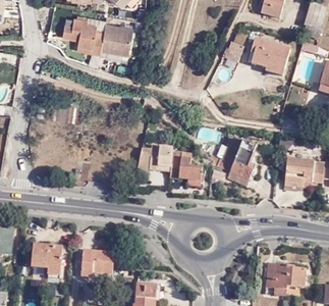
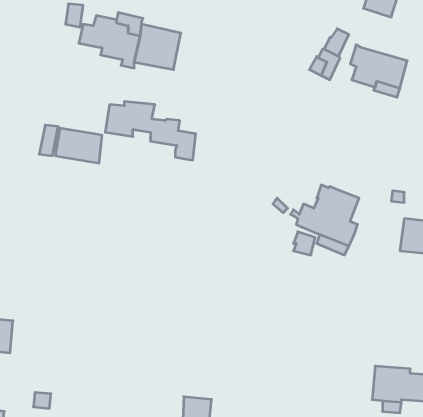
building: [139,146,202,187] -> [105,102,196,160]
building: [33,244,63,274] -> none
building: [81,252,114,278] -> none

